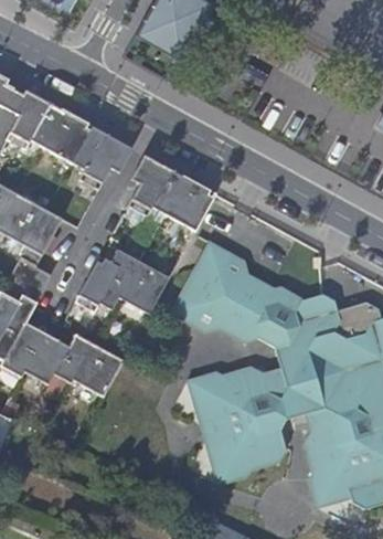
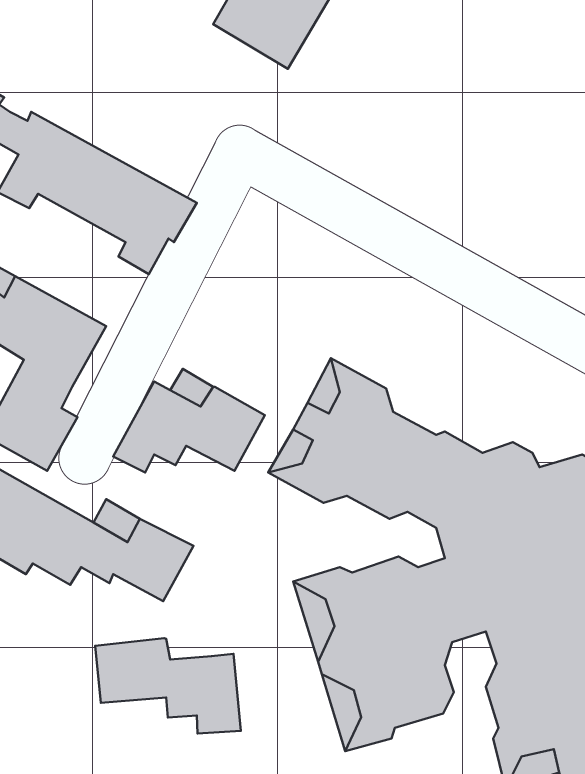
building: [128,158,215,231] -> none
building: none -> [95,638,241,734]

